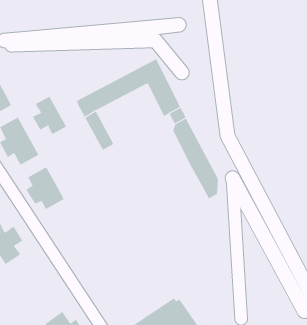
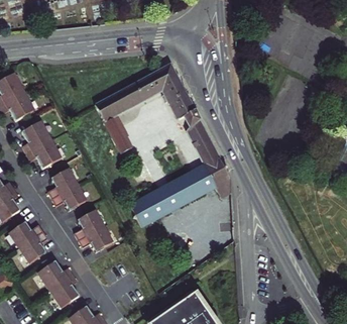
building: [32,96,67,135] -> none
building: none -> [131,166,216,227]
building: none -> [74,209,112,250]
building: none -> [35,260,76,307]

